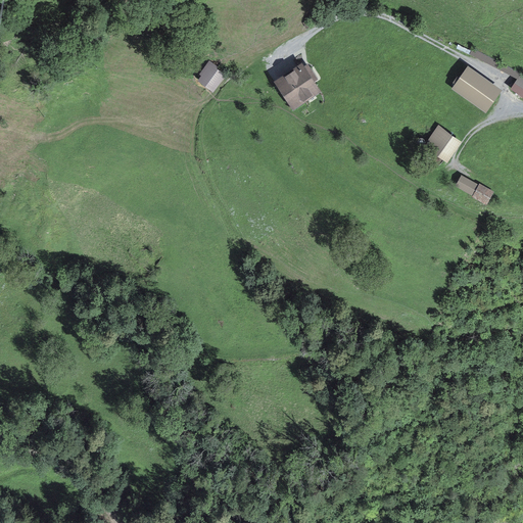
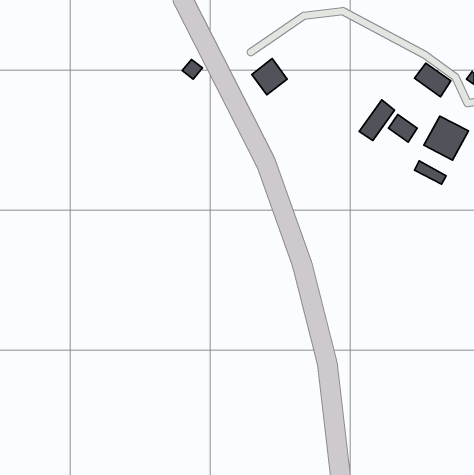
building: none -> [359,100,395,140]
building: none -> [424,116,469,160]

